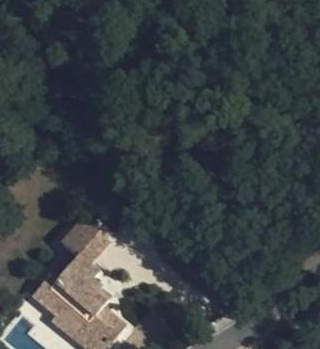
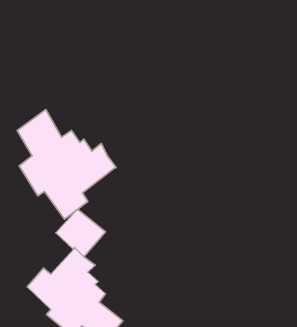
building: none -> [17,110,116,219]

